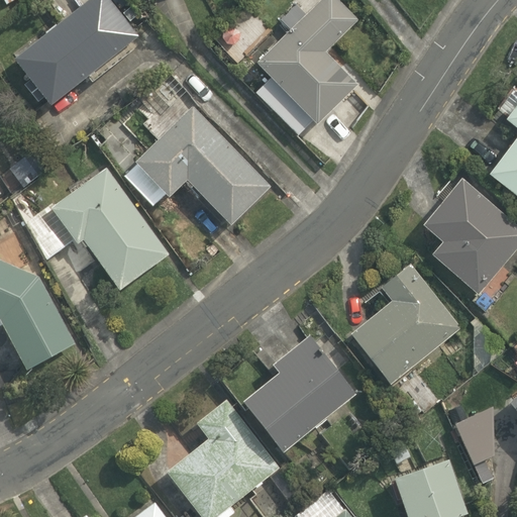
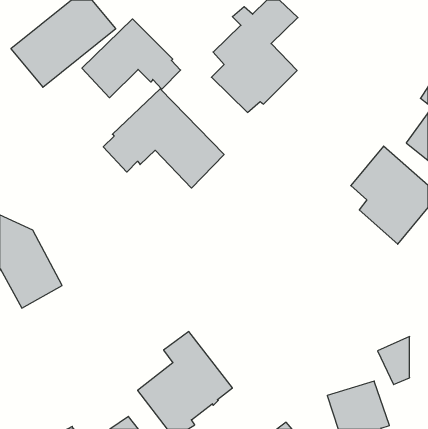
building: none -> [82,19,181,98]
building: [26,168,169,291] -> none
building: [351,263,460,383] -> none
building: [242,332,357,450] -> none

